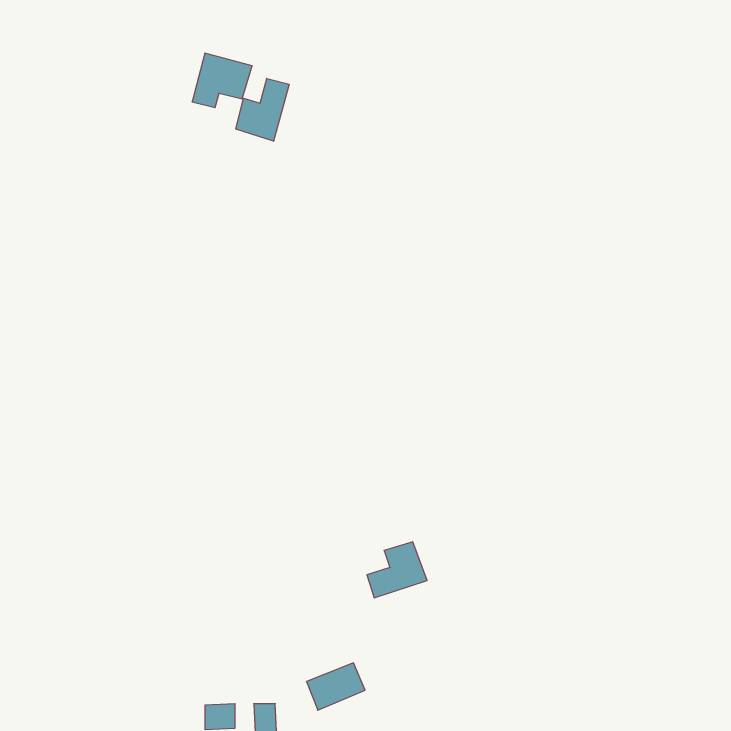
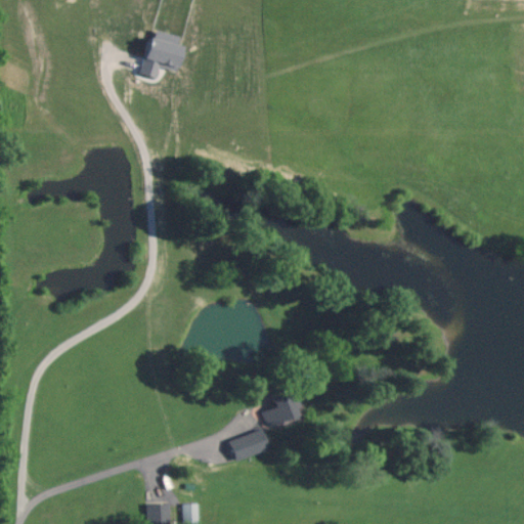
building: [236,78,289,141] -> none
building: [306,663,365,710] -> [230,428,272,462]

